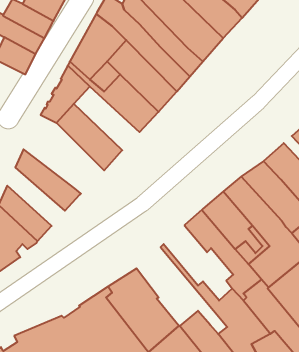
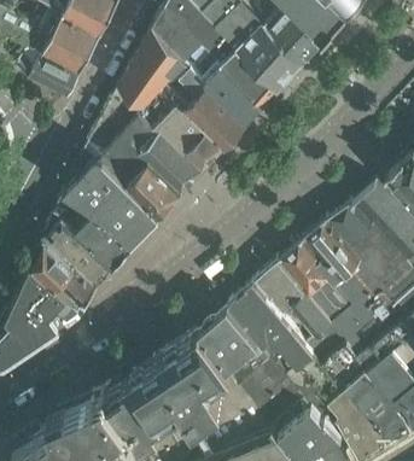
building: none -> [124,121,203,197]
building: none -> [64,154,161,249]
building: none -> [45,217,113,287]
building: none -> [232,290,314,377]
building: none -> [199,313,308,416]

